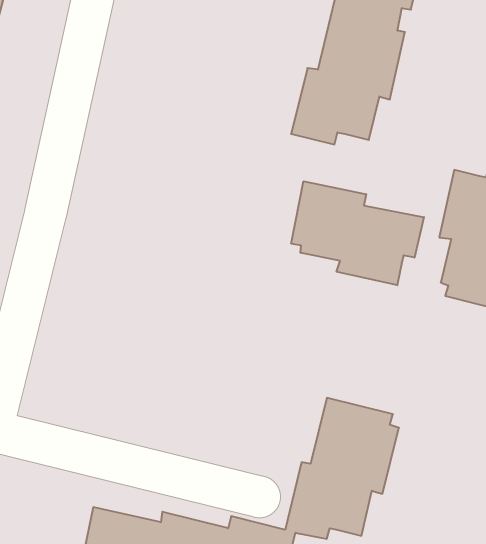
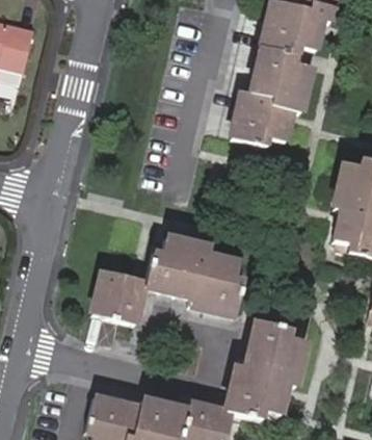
building: [291,181,424,285] -> none
building: none -> [92,237,243,323]

